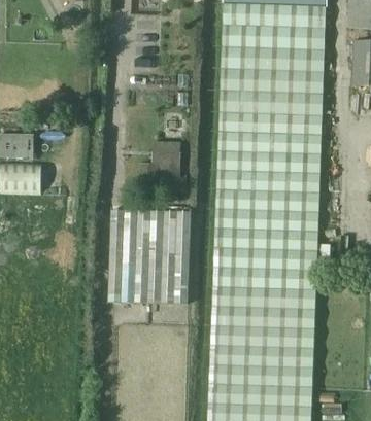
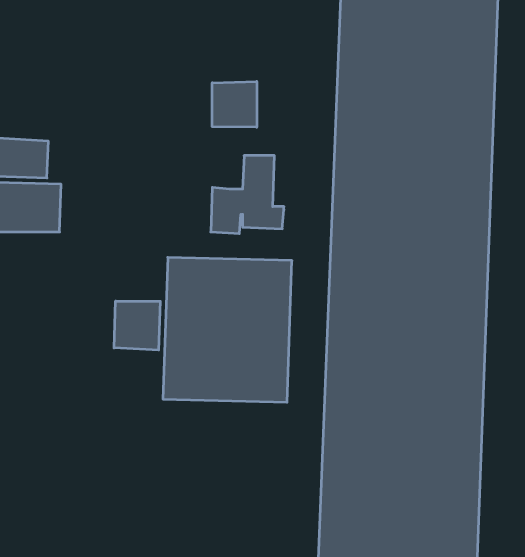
building: none -> [212,81,257,127]
building: none -> [114,301,160,350]

